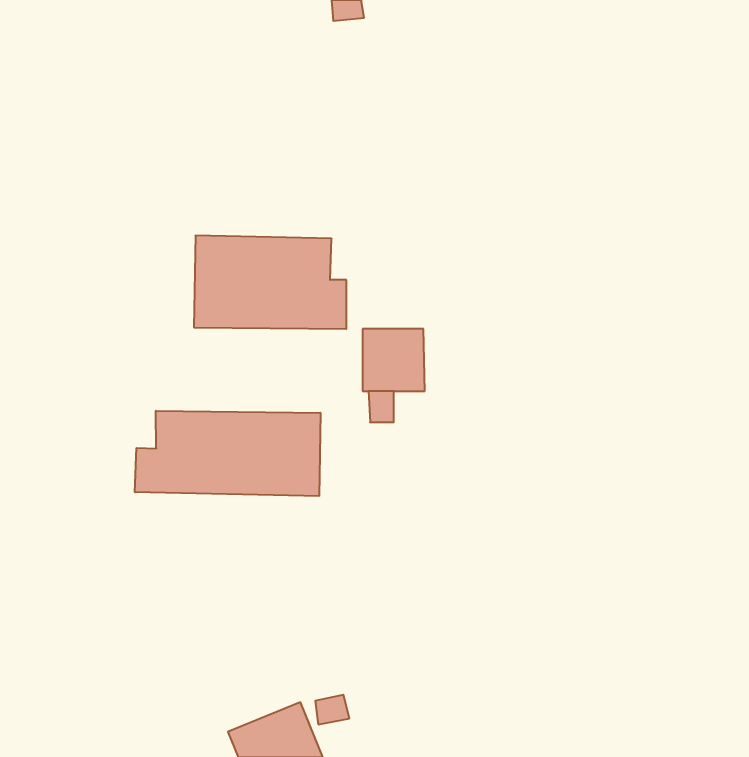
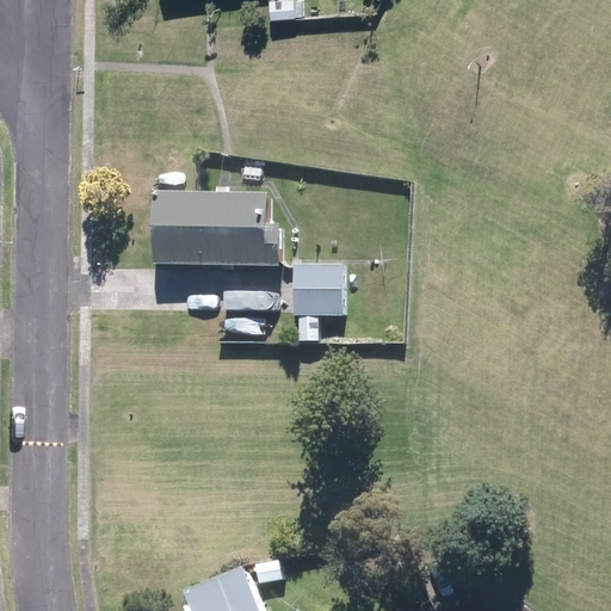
building: [135,411,320,496] -> none

